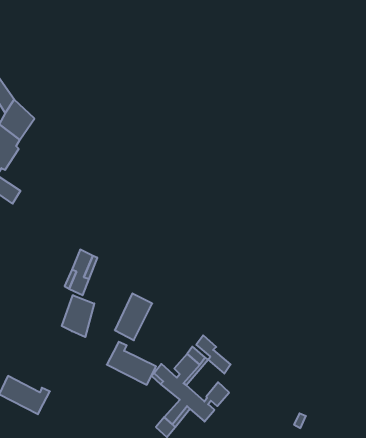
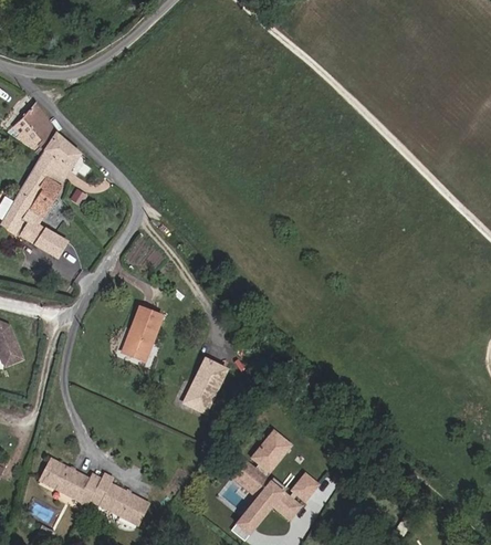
building: [62,295,94,337] -> none
building: [196,335,231,374] -> none
building: [107,342,156,385] -> [90,476,149,528]

